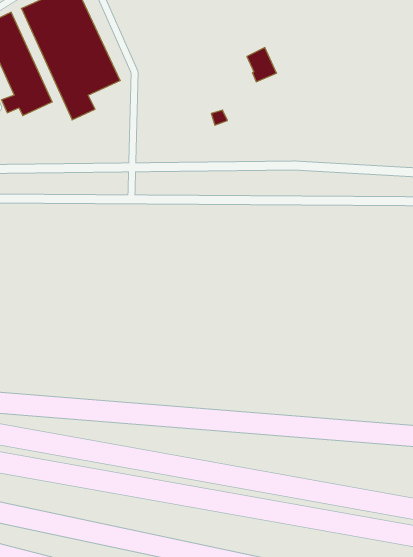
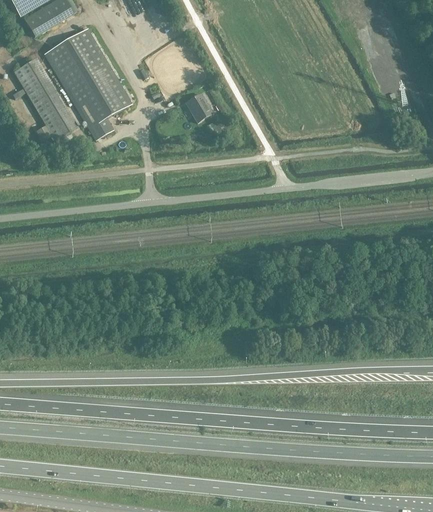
building: [247,48,277,82] -> [186,92,212,121]

